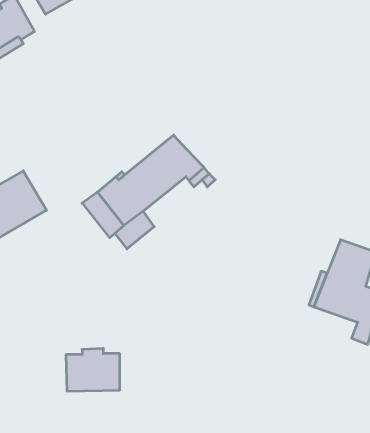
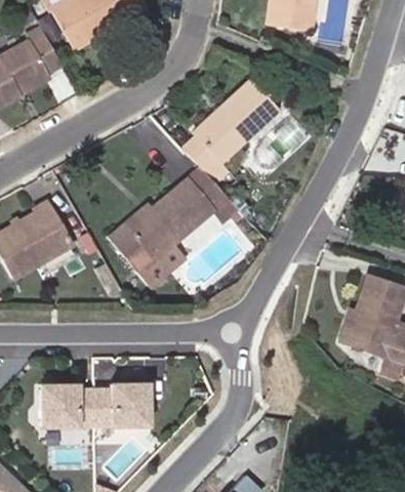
building: none -> [184,80,278,181]
building: none -> [40,383,94,425]

